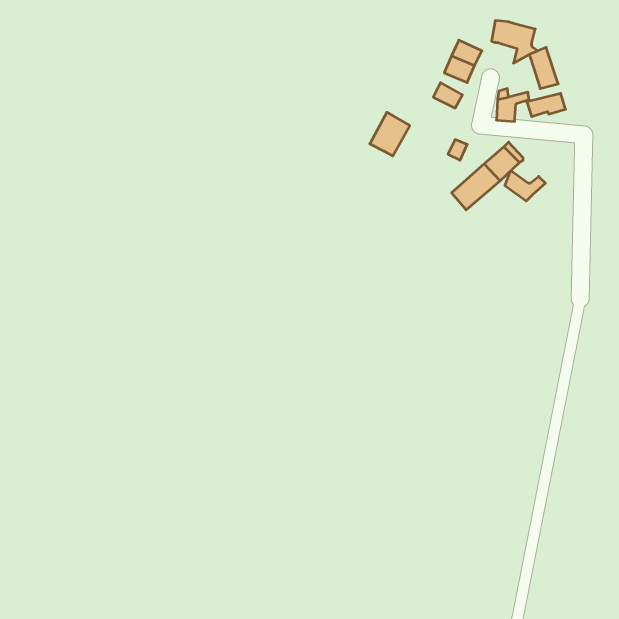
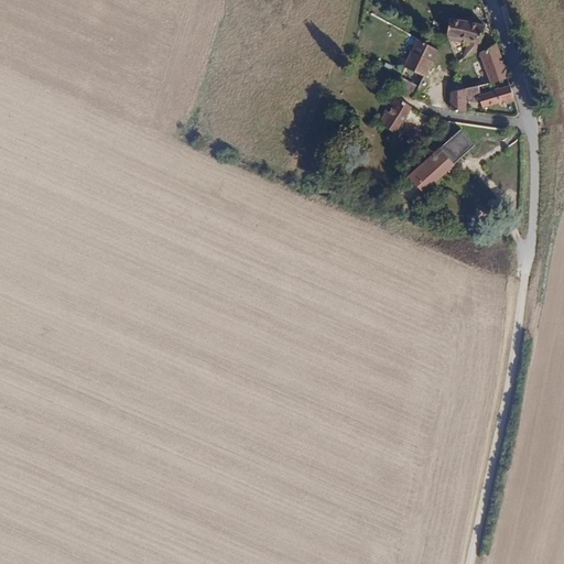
building: [370,112,410,156] -> [376,95,412,134]
building: [505,171,545,201] -> none

